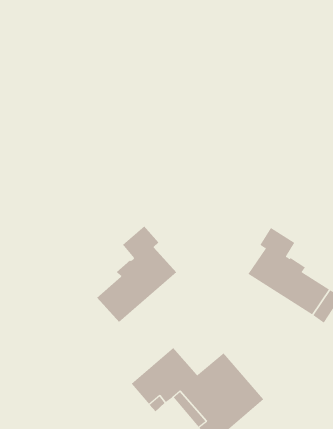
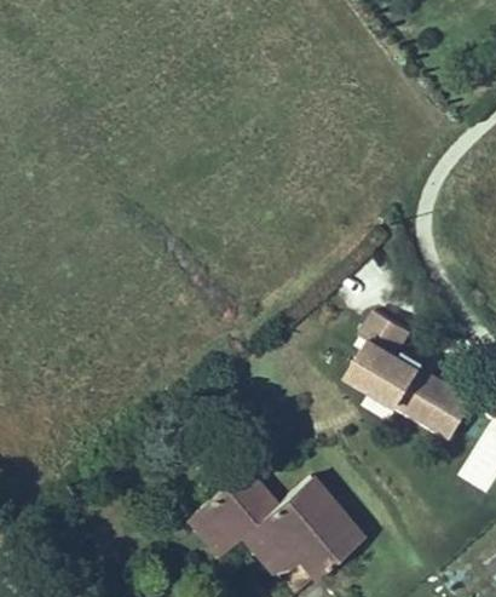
building: [96,225,177,323] -> none

